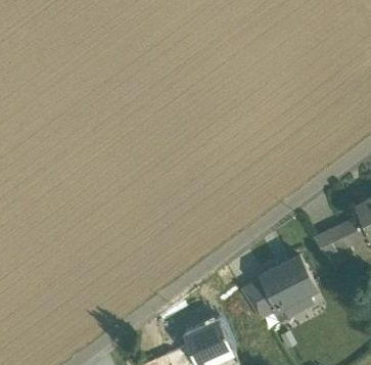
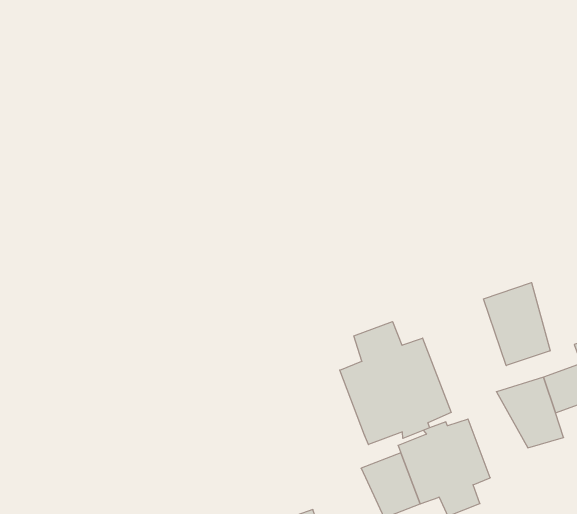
building: none -> [483,283,550,366]
building: none -> [340,322,451,445]

